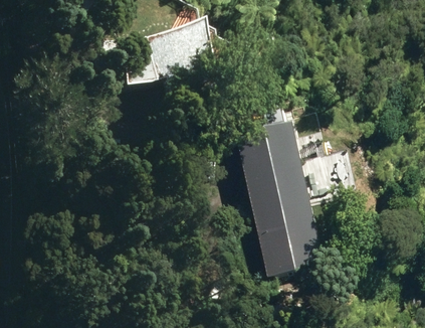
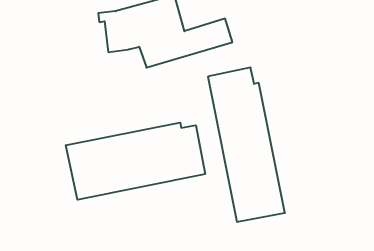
building: none -> [66,123,205,200]

